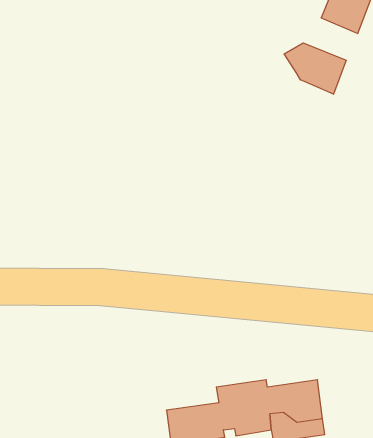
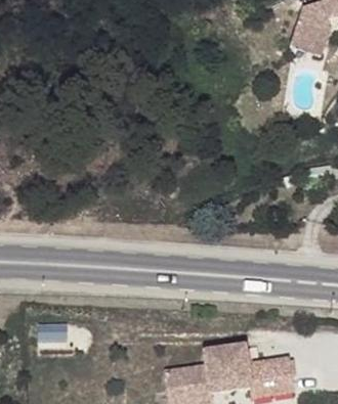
building: [284,43,346,94] -> none

